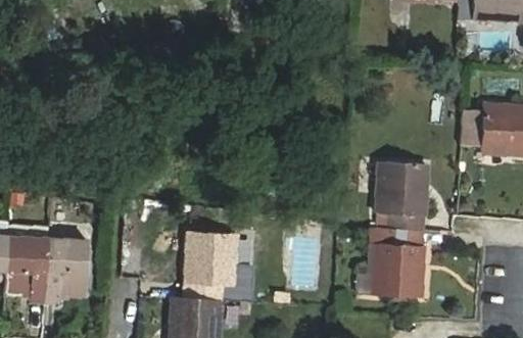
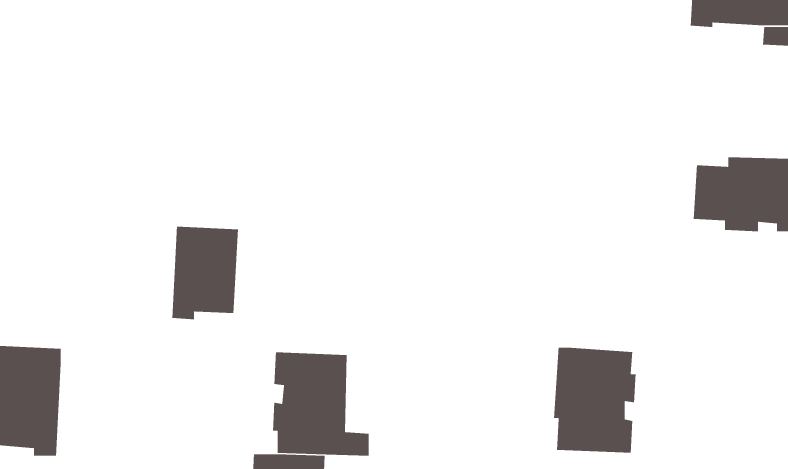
building: [377,160,427,230] -> none
building: [46,238,90,299] -> [171,226,239,320]

